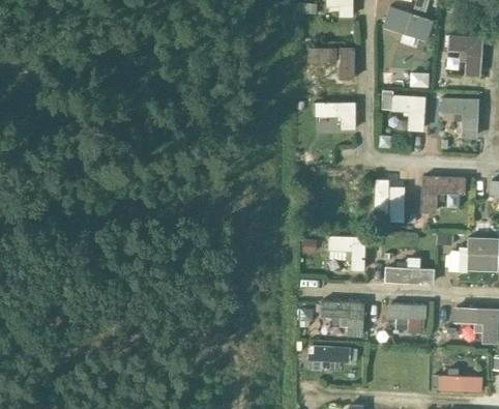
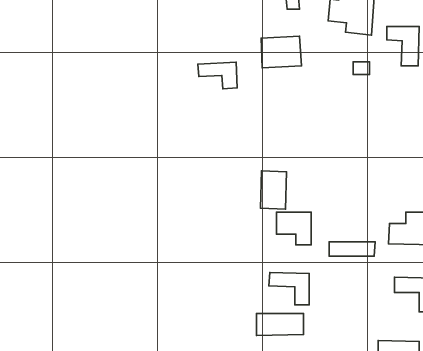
building: [381,93,425,130] -> none
building: [440,96,478,138] -> none
building: [315,100,357,129] -> [198,62,237,89]
building: [375,173,403,214] -> [261,171,287,209]
building: [420,176,464,208] -> none
building: [388,303,424,332] -> none

